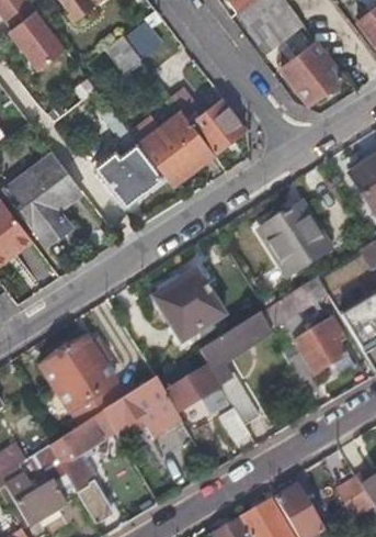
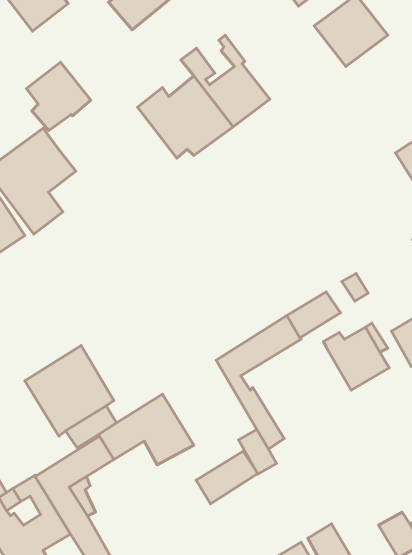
building: [106,145,160,202] -> [26,62,91,130]
building: [259,201,328,275] -> none
building: [149,266,223,338] -> none
building: [166,367,217,411] -> [196,451,258,504]

